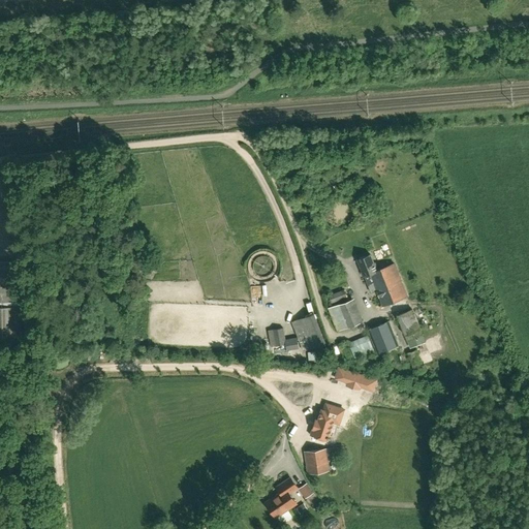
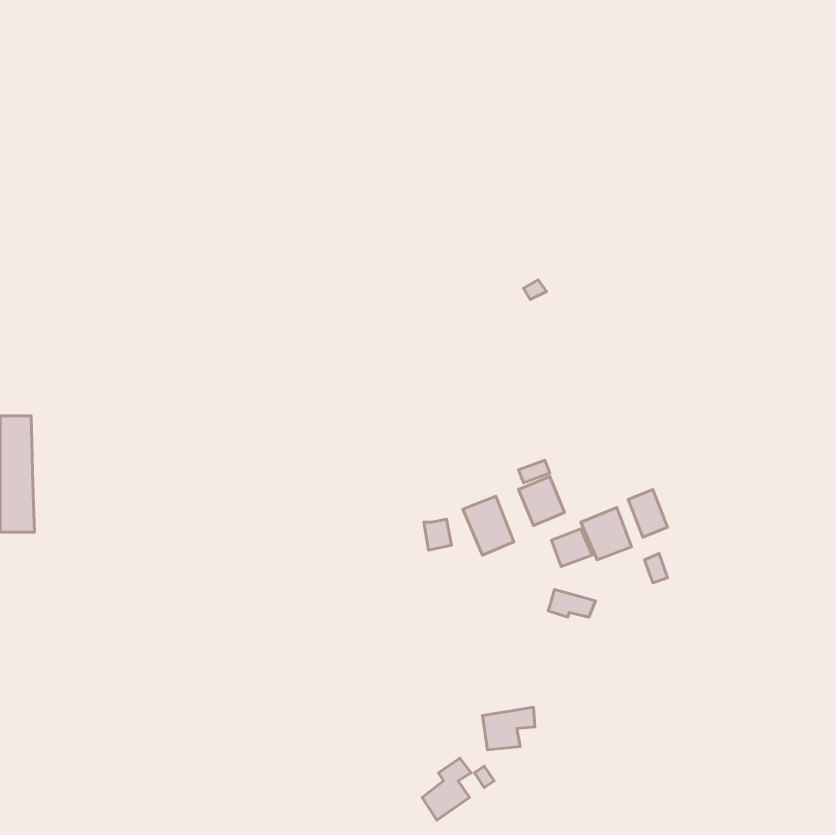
building: [357,255,406,307] -> none
building: [311,401,337,437] -> none

